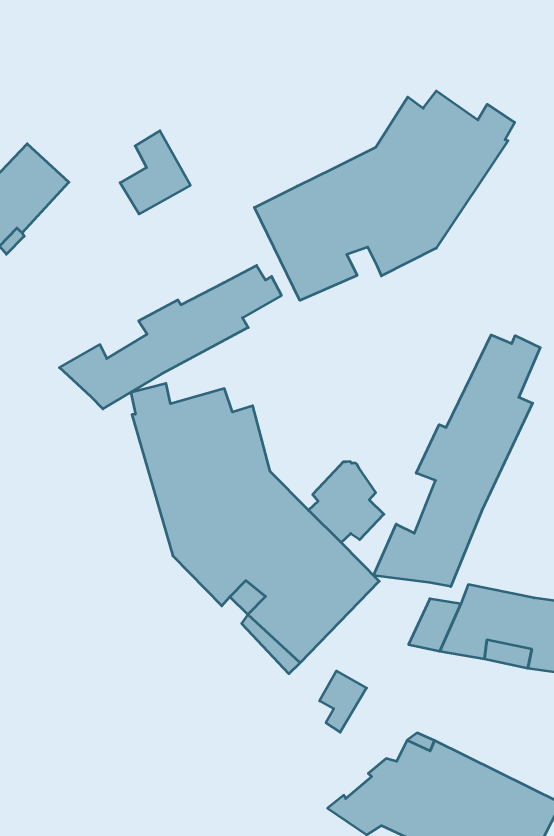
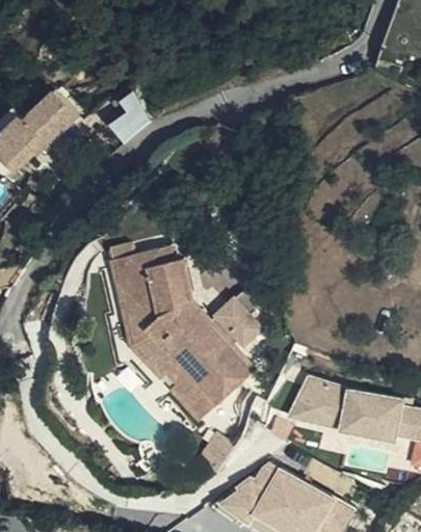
building: [254,91,515,300] -> none
building: [59,265,281,409] -> none
building: [374,335,540,587] -> none

